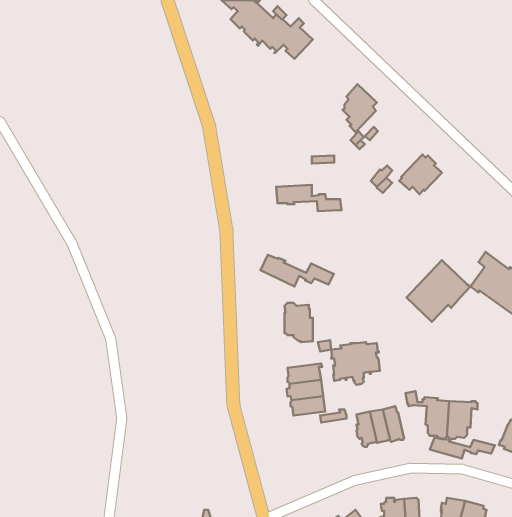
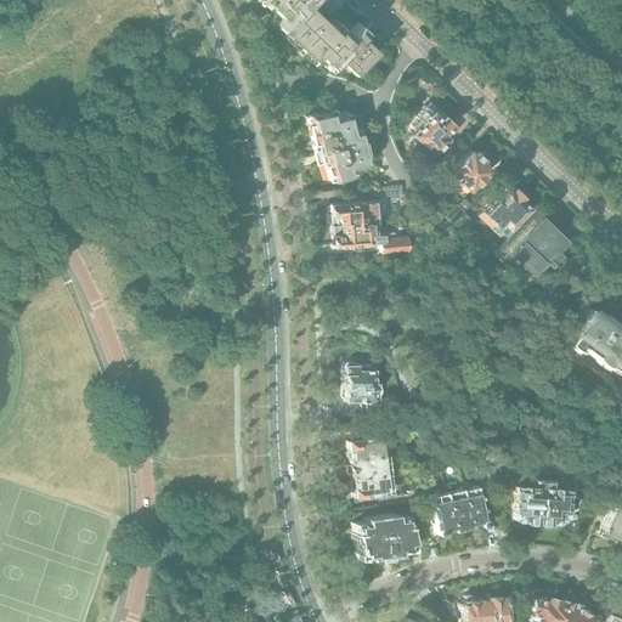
building: none -> [312,108,377,191]
building: none -> [449,151,502,196]
building: none -> [337,202,389,226]
building: [260,255,334,287] -> none
building: [406,260,470,322] -> [502,211,578,285]
building: [331,342,380,385] -> [358,516,417,567]
building: [430,437,495,458] -> none

